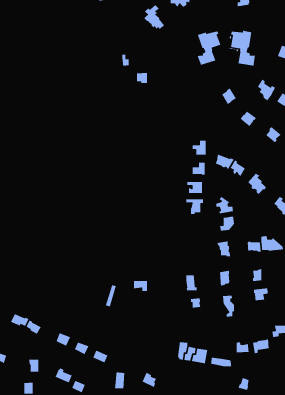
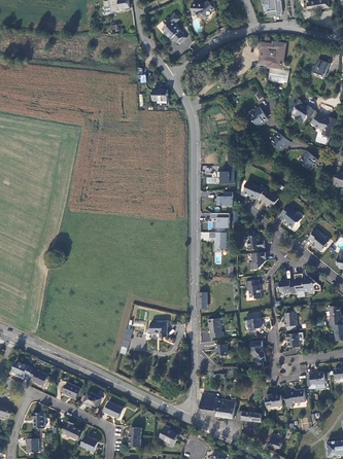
building: [197,30,221,66] -> none

